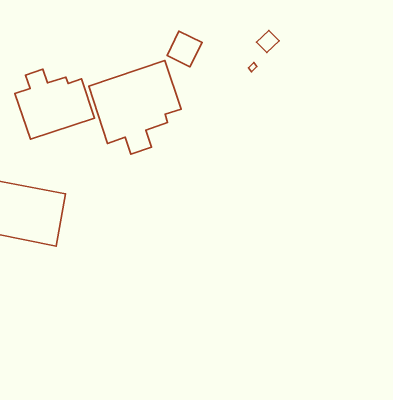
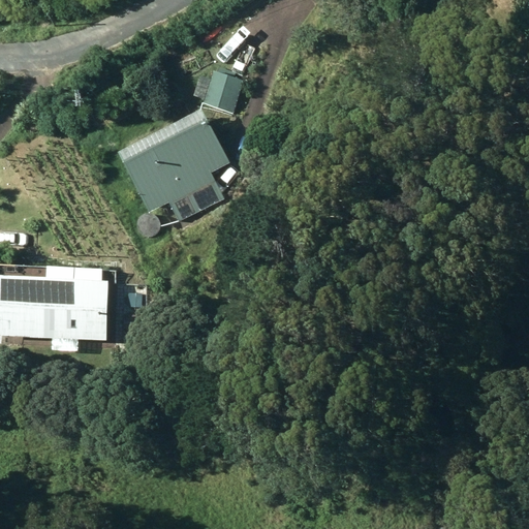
building: [15,69,94,139] -> none

